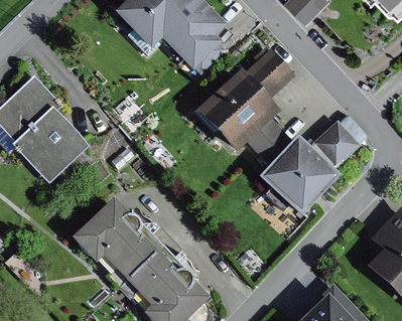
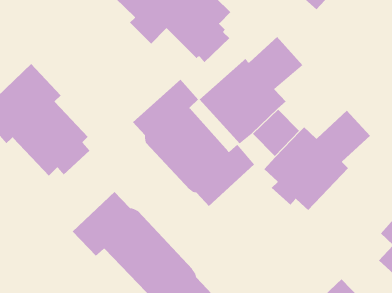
building: none -> [132,79,255,207]

